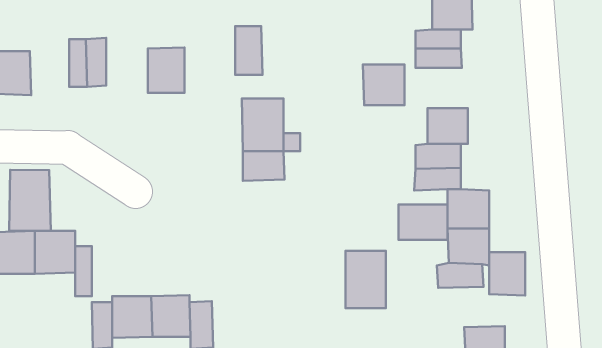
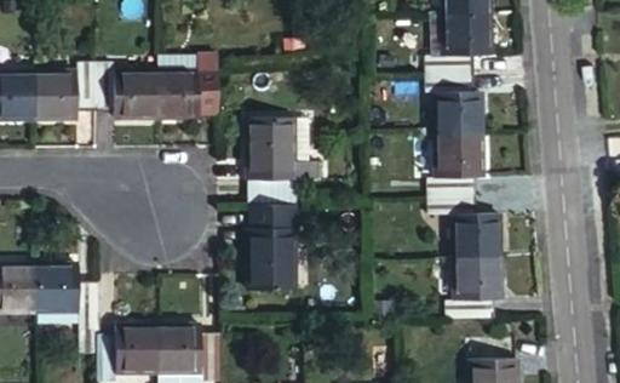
building: [235,26,262,75] -> [191,63,219,113]
building: none -> [111,75,154,121]
building: none -> [34,78,74,122]
building: [363,65,404,105] -> [437,95,480,136]
building: [9,170,51,231] -> none
building: [399,204,448,240] -> none
building: [345,251,386,308] -> [252,235,293,293]
building: [489,252,525,295] -> none

